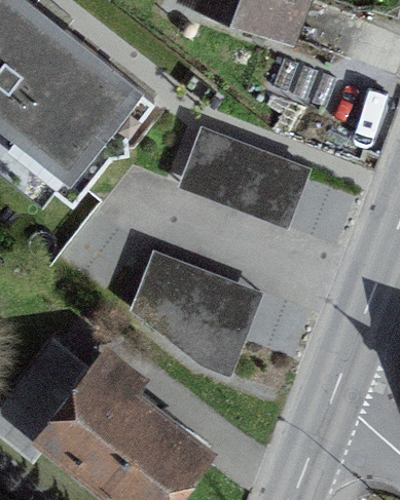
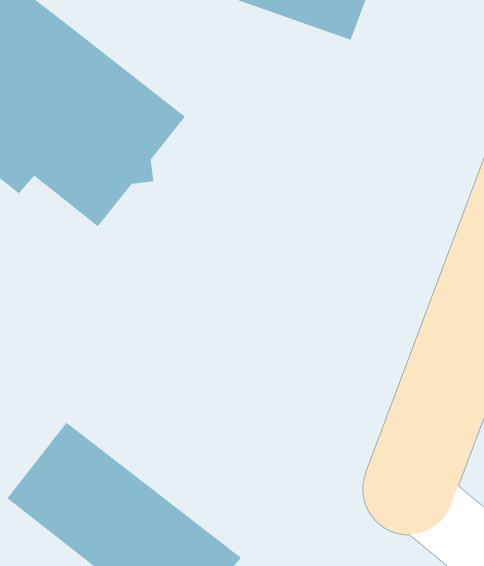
building: [180,130,310,224] -> none
building: [141,253,259,364] -> none

